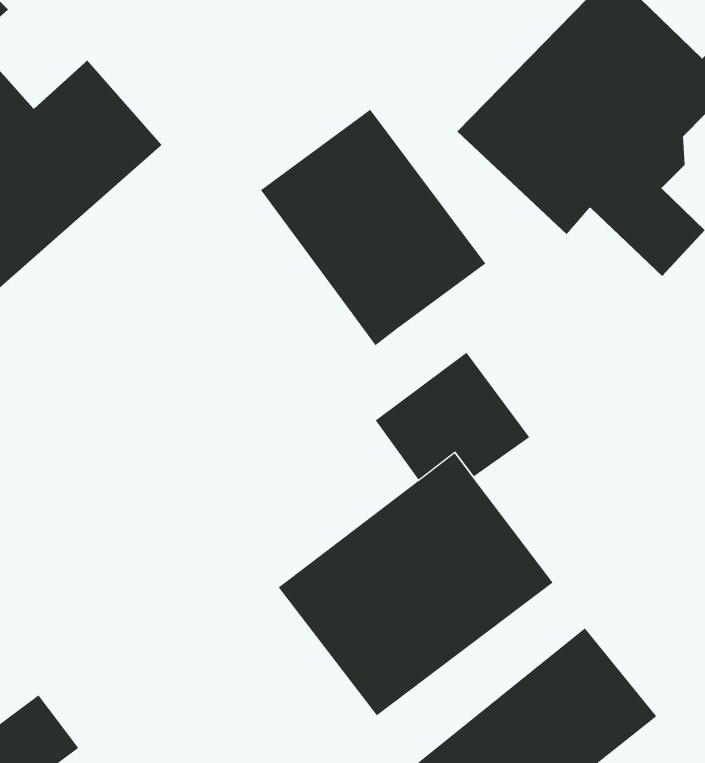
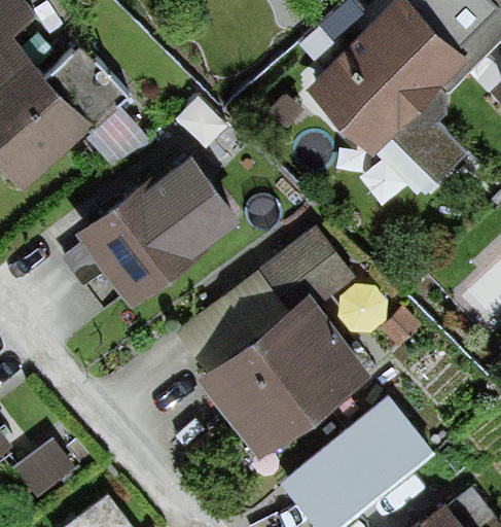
building: [260,109,486,346] -> none
building: none -> [60,144,248,310]

